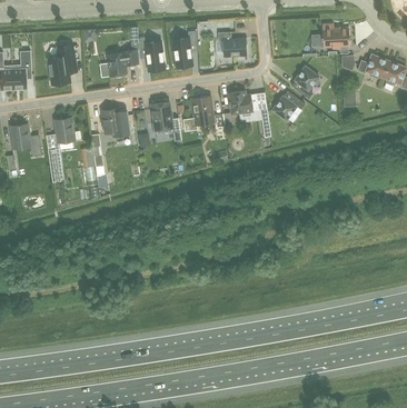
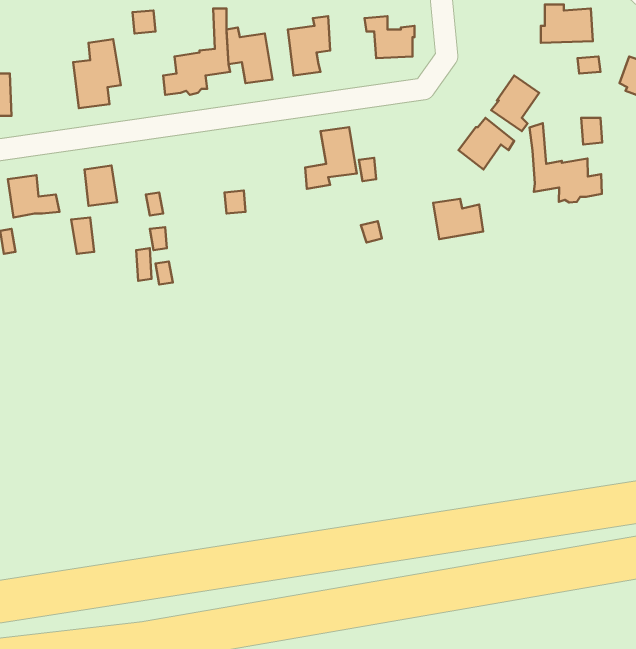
building: [11,49,31,88] -> none
building: [228,89,257,112] -> [433,199,483,239]
building: none -> [530,123,602,202]
building: [150,100,181,140] -> none
building: [101,108,128,136] -> none

